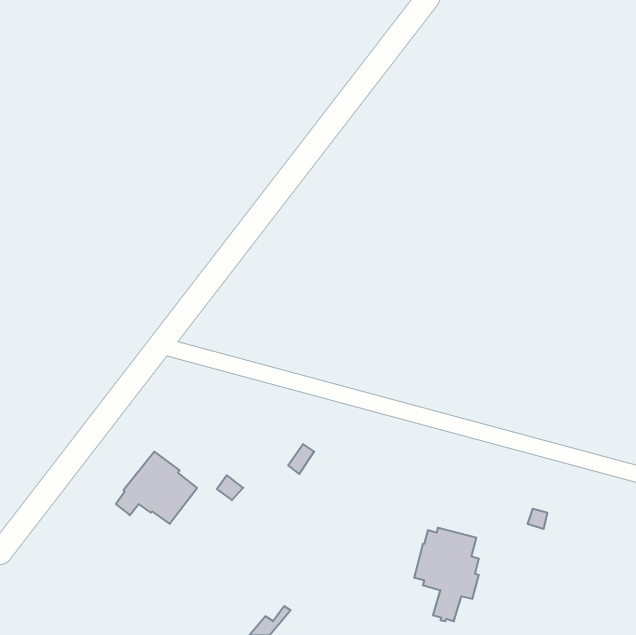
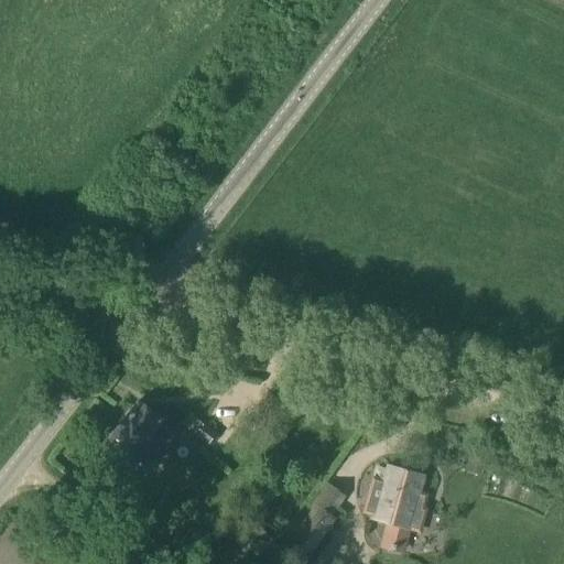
building: none -> [289,486,341,553]

